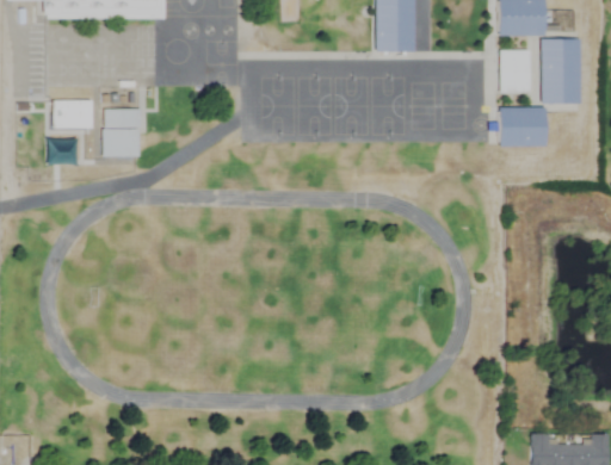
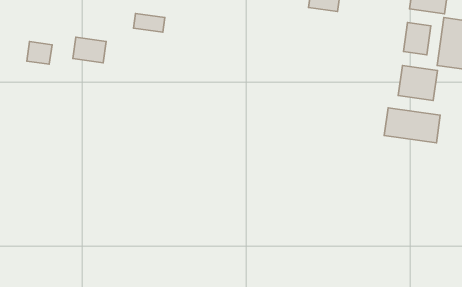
building: [54,100,92,128] -> none
building: [104,110,140,128] -> [133,13,165,32]
building: none -> [384,108,440,143]

